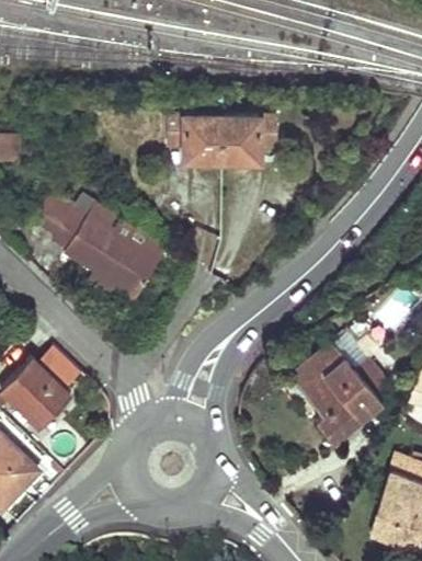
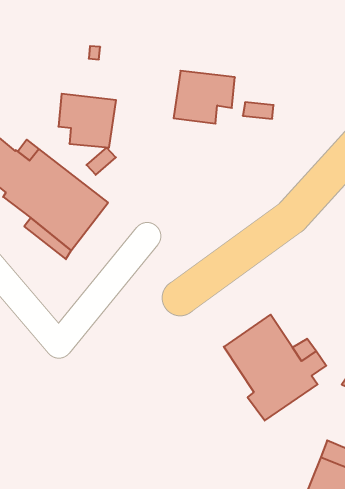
building: [171,115,224,162] -> [58,94,116,148]

